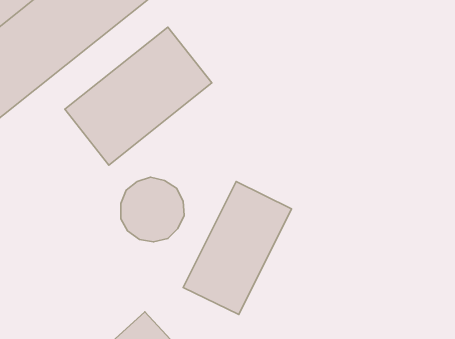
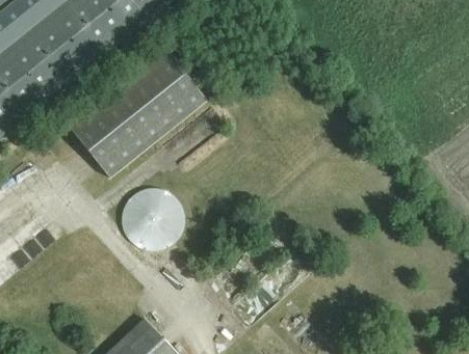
building: [183,182,292,315] -> none

